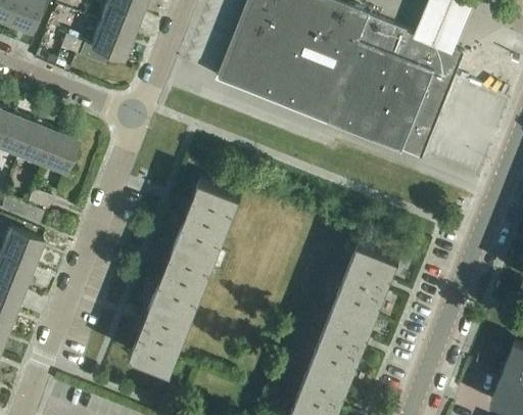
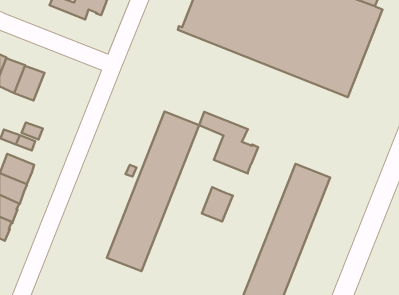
building: [41,130,78,173] -> none
building: none -> [199,112,258,174]
building: none -> [202,187,233,222]

